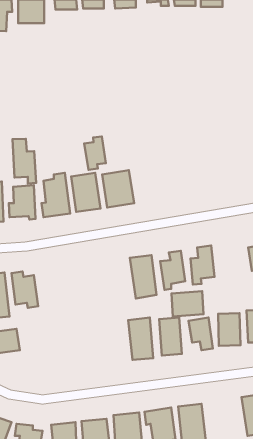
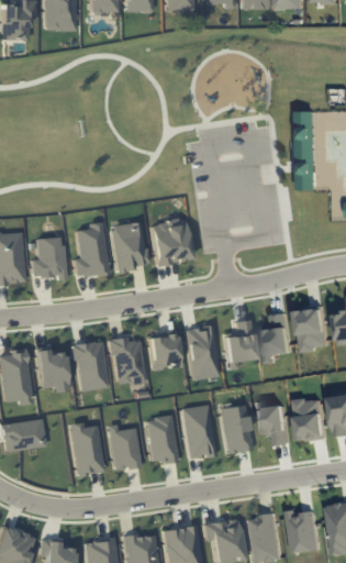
building: [84,136,106,170] -> none
building: [12,139,36,183] -> none
building: none -> [298,309,326,350]
building: none -> [147,332,178,369]
building: none -> [110,338,144,385]
building: none -> [71,341,107,391]
building: [171,291,203,316] -> none
building: none -> [144,416,176,463]
building: none -> [68,422,102,475]
building: none -> [105,424,139,471]
building: none -> [288,510,319,553]

